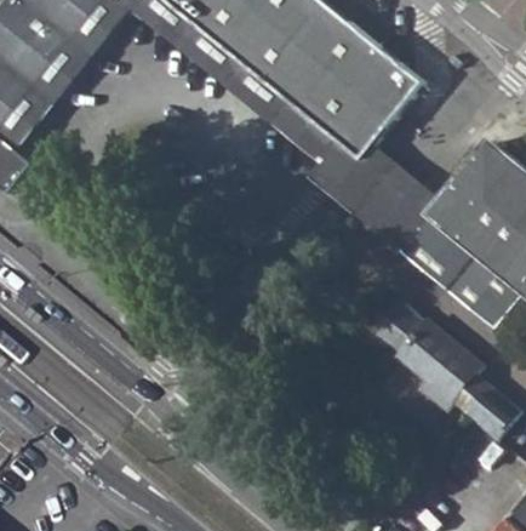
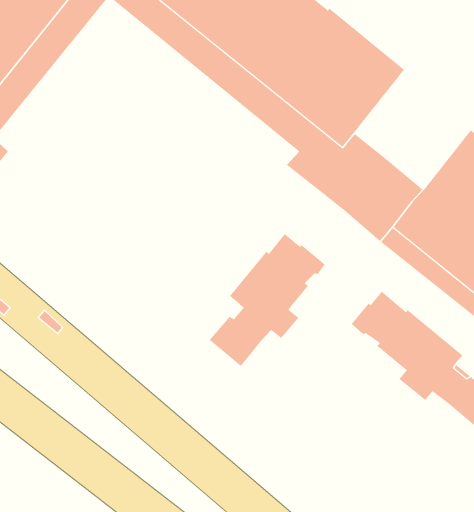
building: none -> [209,233,326,367]

